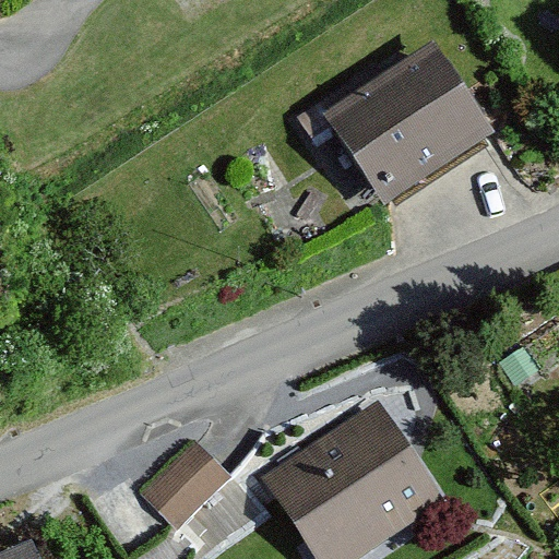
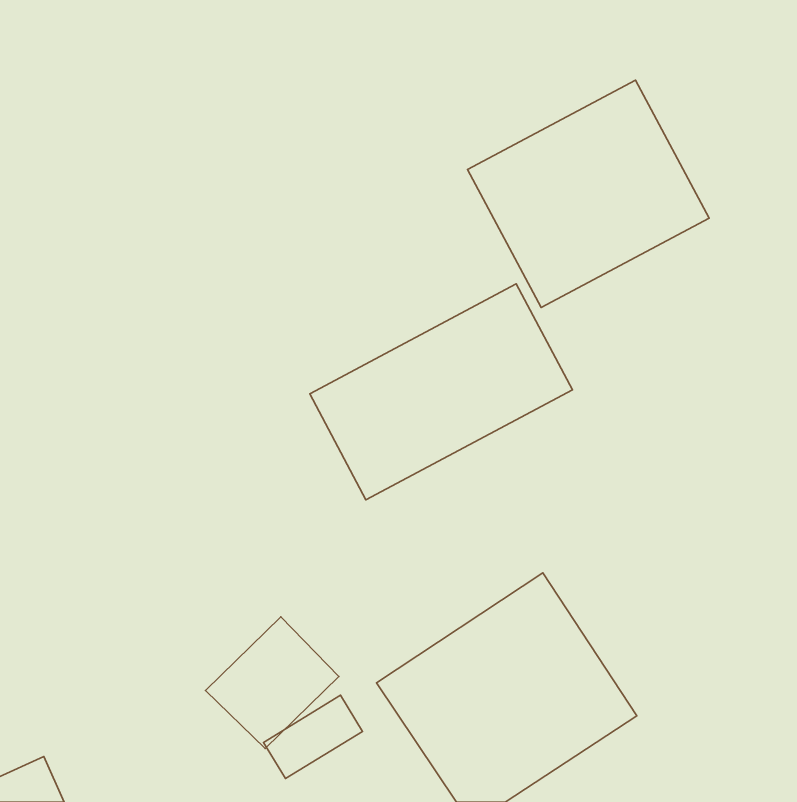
building: none -> [310,284,572,500]

